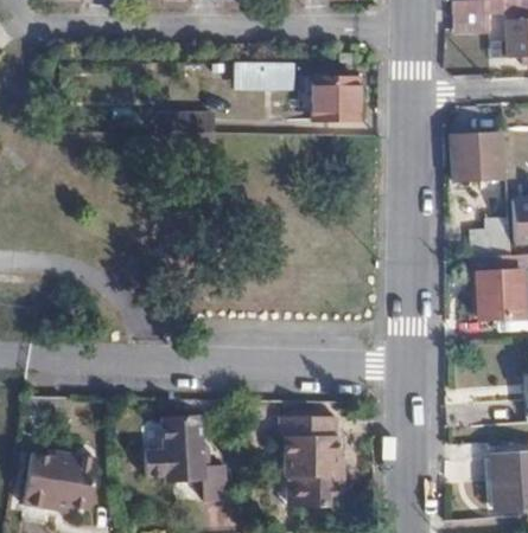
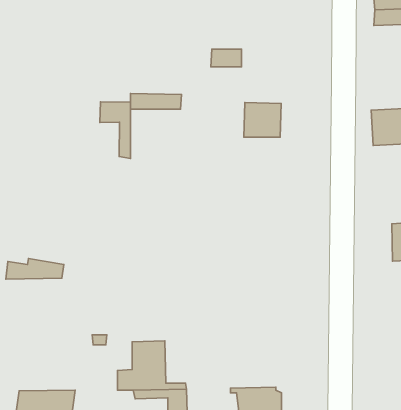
building: [312,78,357,120] -> [244,103,281,137]
building: none -> [100,102,130,159]
building: [274,415,336,471] -> none
building: [26,450,96,475] -> [6,258,64,279]

